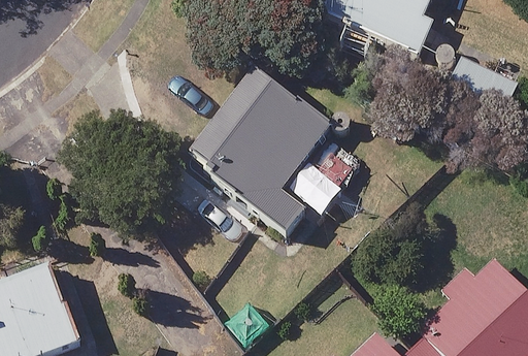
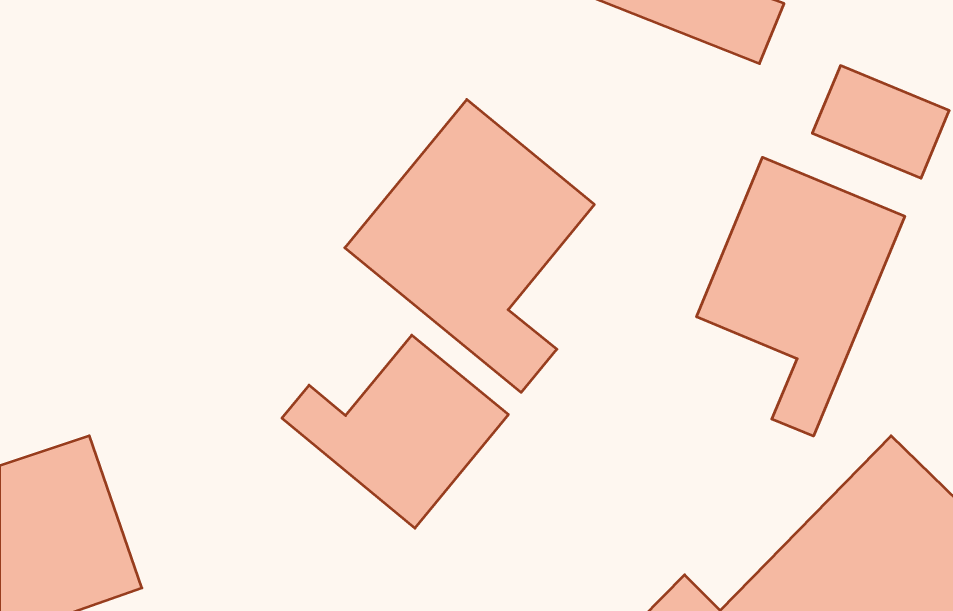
building: none -> [697,157,905,436]
building: none -> [282,335,508,528]

